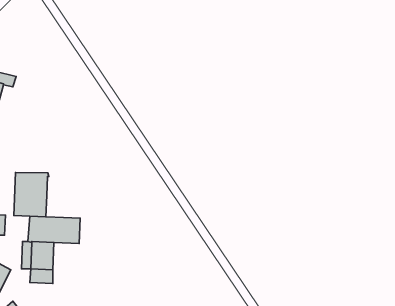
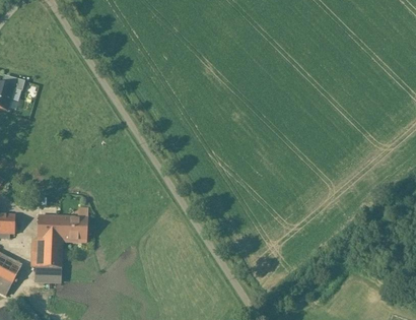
building: [14,173,49,217] -> none

